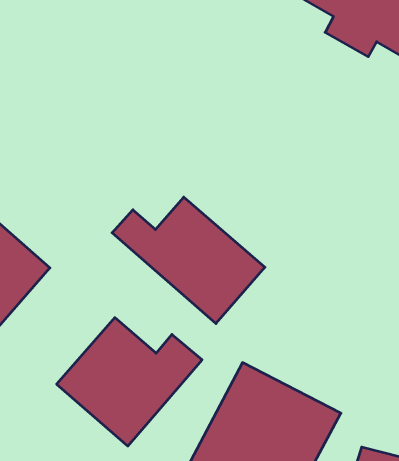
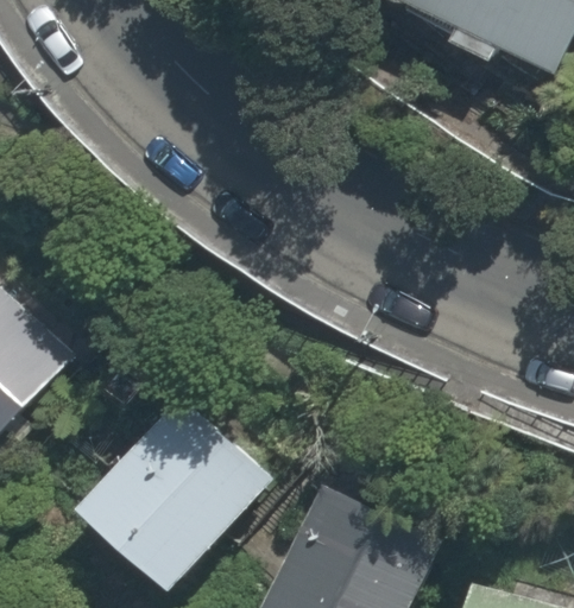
building: [112,197,265,324] -> none

